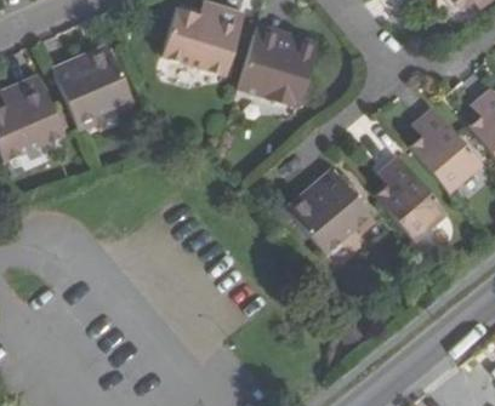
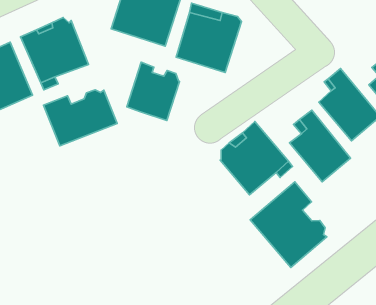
building: none -> [127,62,180,120]
building: none -> [44,90,117,146]
building: none -> [250,182,327,268]

